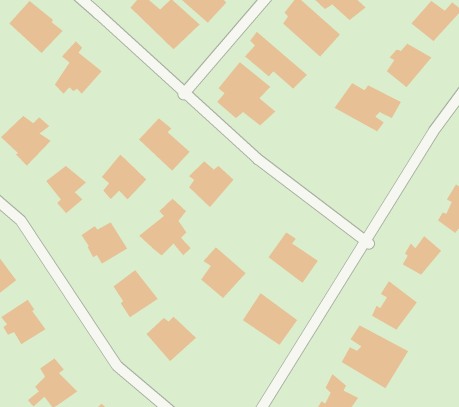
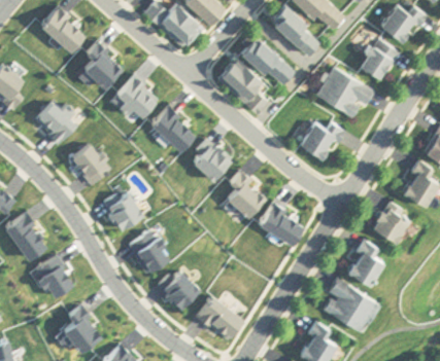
building: none -> [300,123,344,161]
building: [101,154,147,200] -> [117,77,157,116]
building: [138,198,192,257] -> none
building: [200,246,246,299] -> [227,173,266,217]
building: [242,292,298,346] -> [195,296,242,341]

